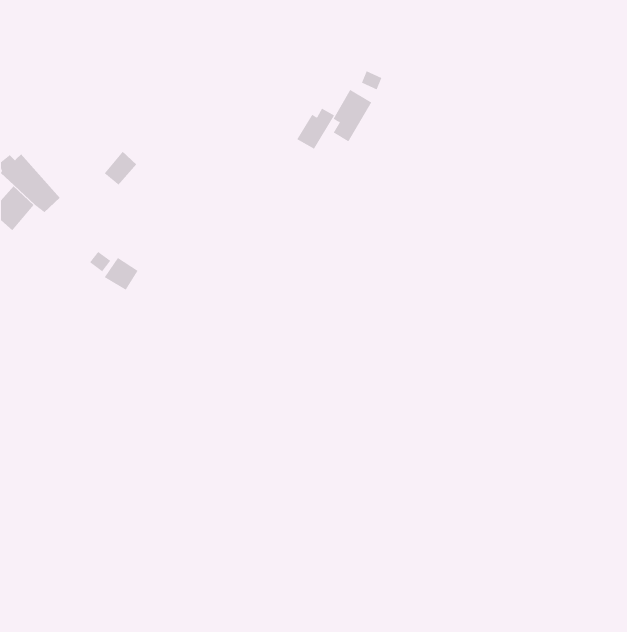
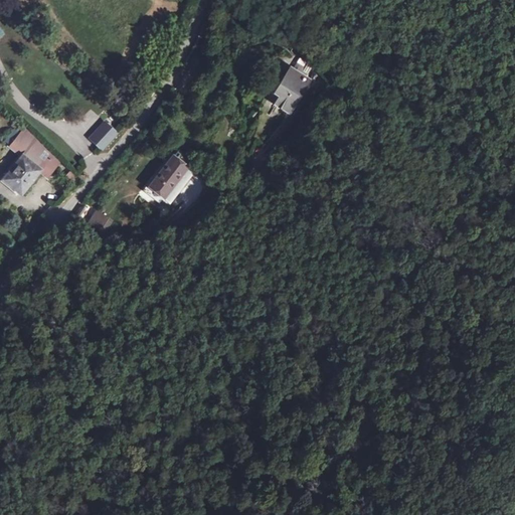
building: [297,108,335,150] -> none
building: none -> [156,160,192,199]

